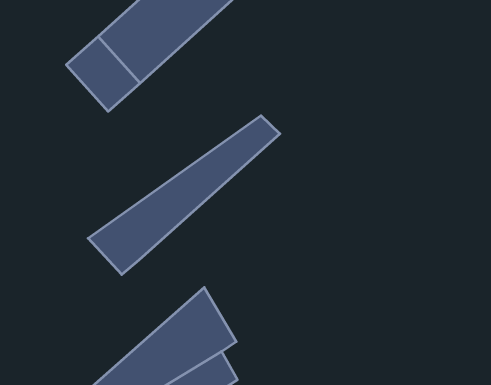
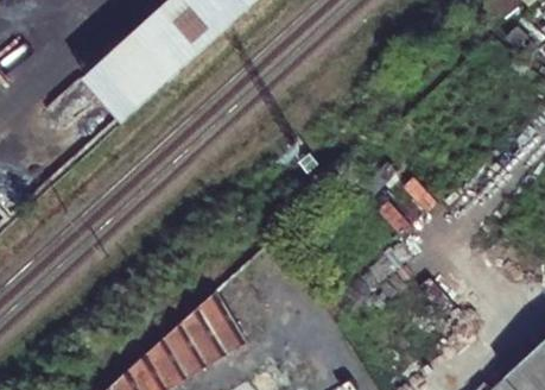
building: [88,116,280,275] -> none

